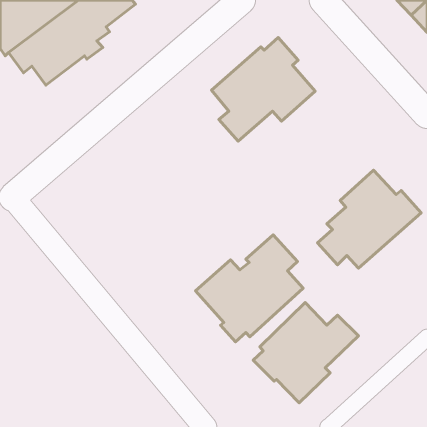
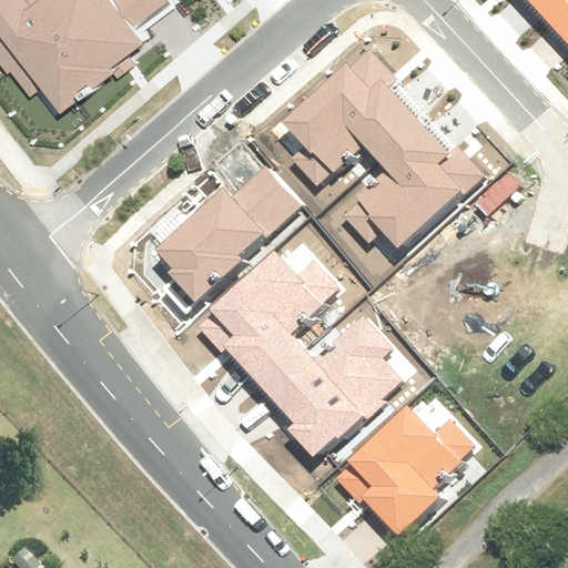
building: none -> [155,165,303,302]
building: [318,170,421,268] -> [344,121,481,251]
building: none -> [200,247,346,386]

